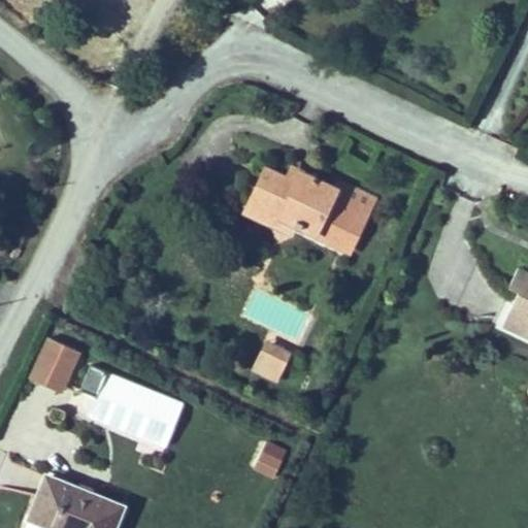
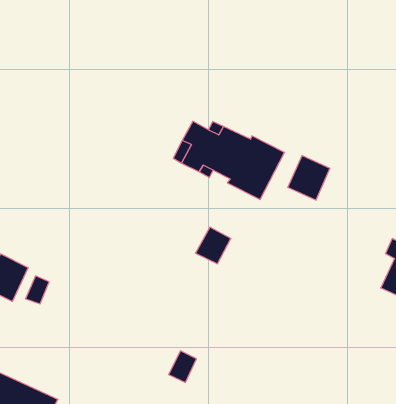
building: none -> [288,155,330,200]
building: [251,341,292,385] -> [195,227,231,264]
building: [71,373,185,451] -> none

